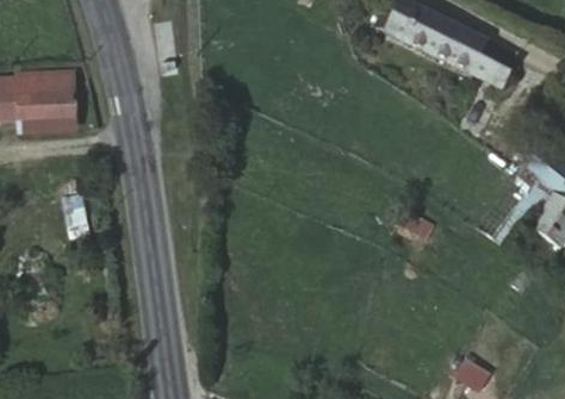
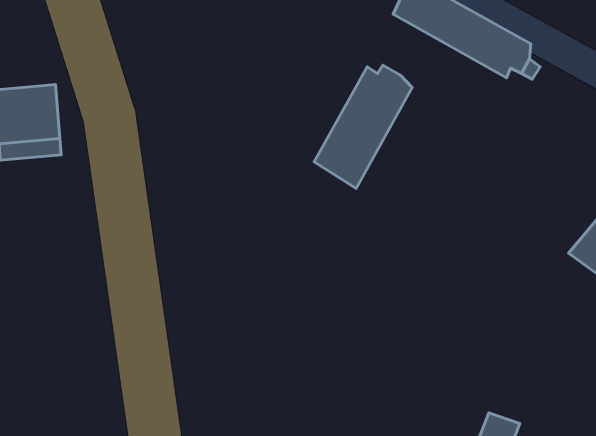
building: none -> [314,65,412,188]

